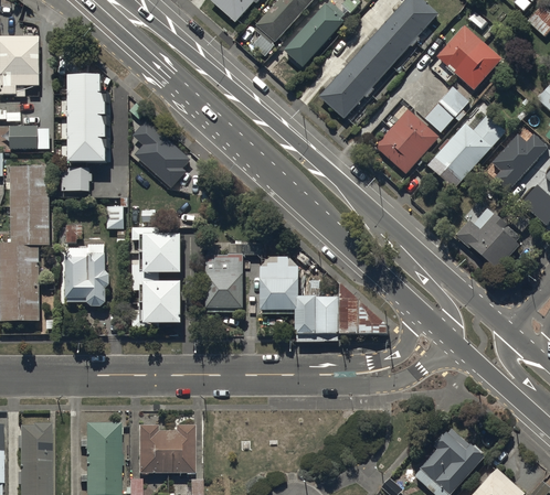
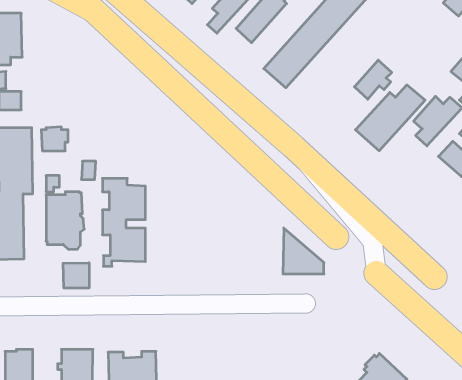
building: [433,26,498,92] -> none
building: [68,75,108,160] -> none
building: [373,110,437,175] -> none
building: [130,118,188,185] -> none
building: [456,213,519,269] -> none
building: [204,240,260,311] -> none
building: [260,254,339,341] -> none
building: none -> [63,263,89,288]

